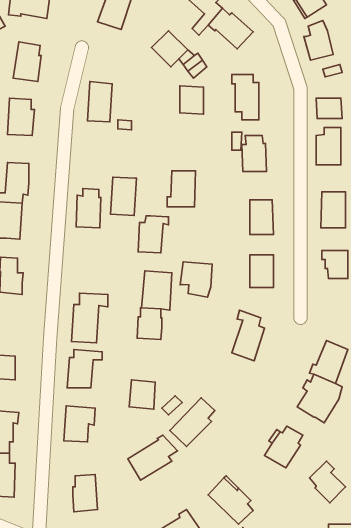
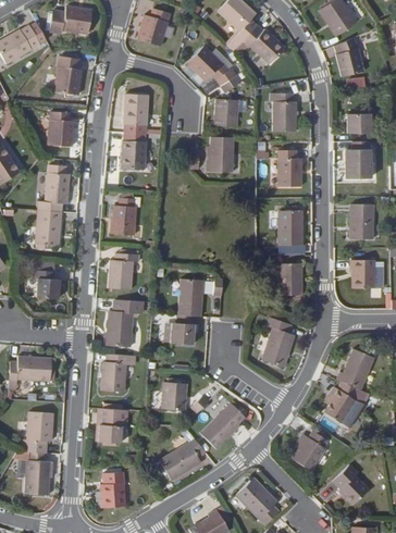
building: [167,171,195,207] -> [206,136,233,171]
building: [110,177,136,215] -> [121,133,146,170]
building: [138,216,169,253] -> [109,252,138,288]
building: [180,262,212,297] -> none

